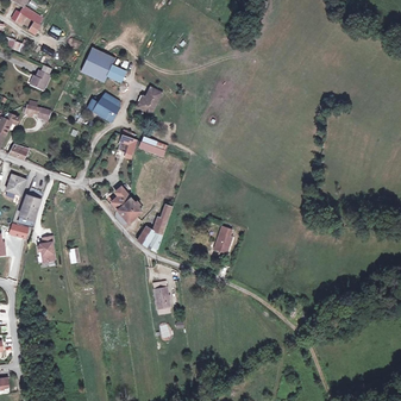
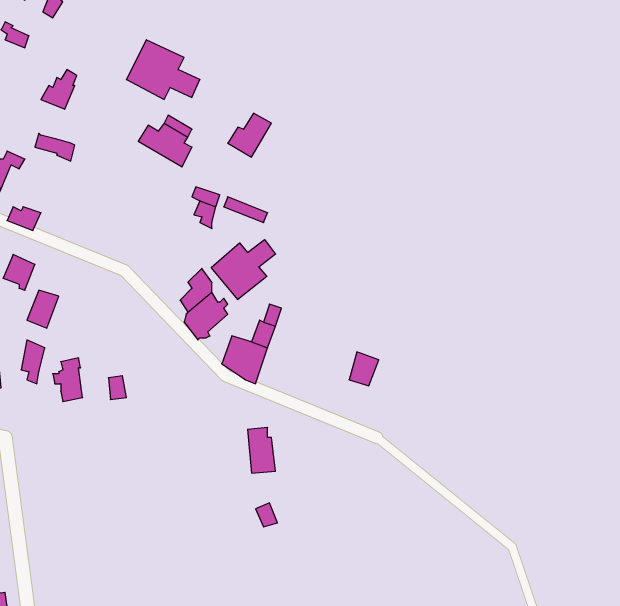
building: none -> [211,240,276,300]

